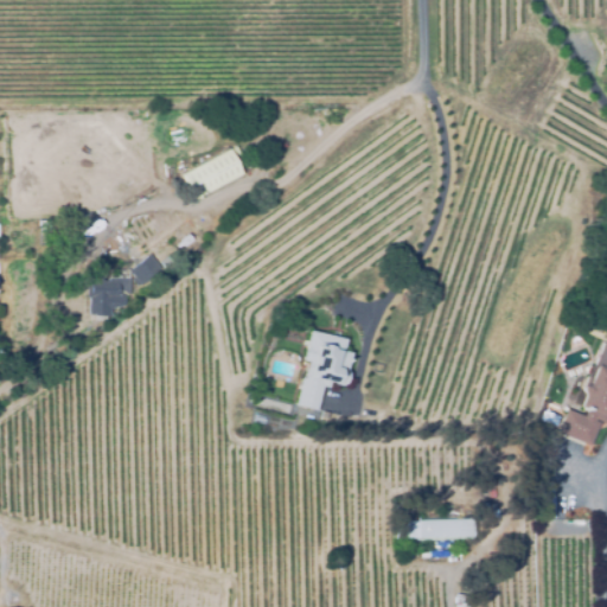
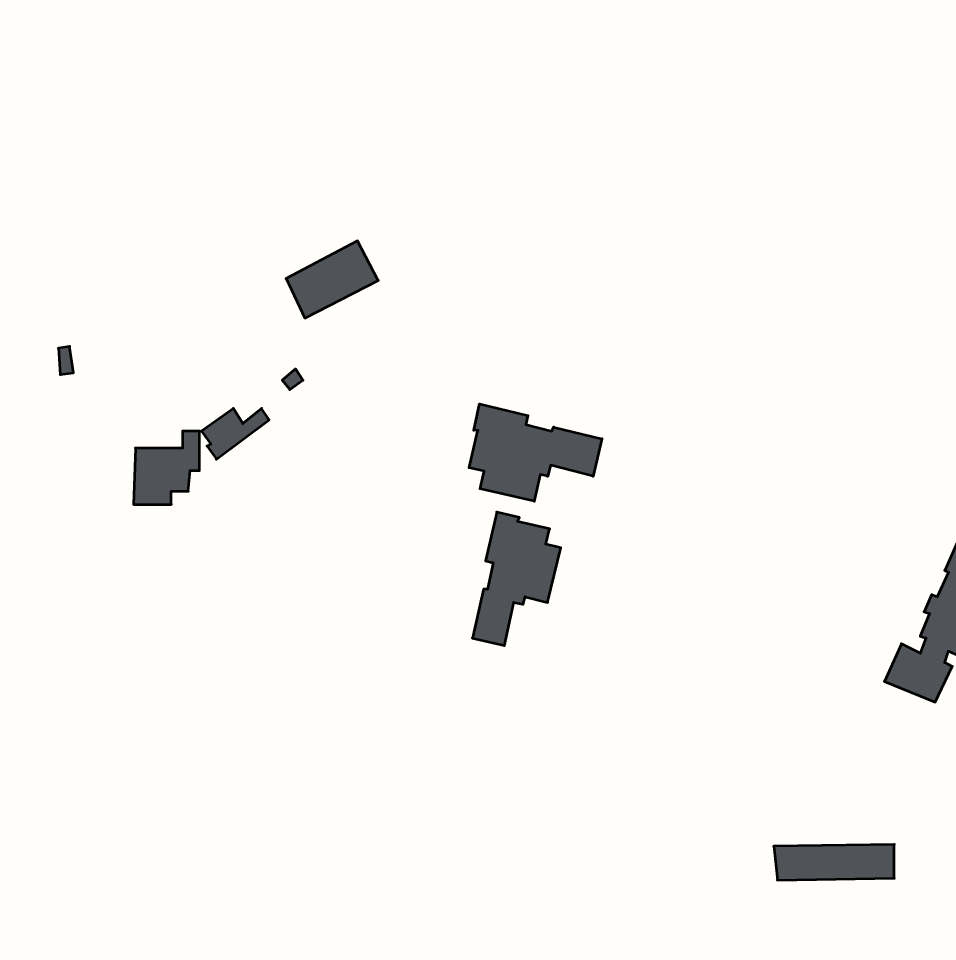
building: none -> [469,404,602,501]
building: [401,519,477,542] -> [774,844,894,880]

